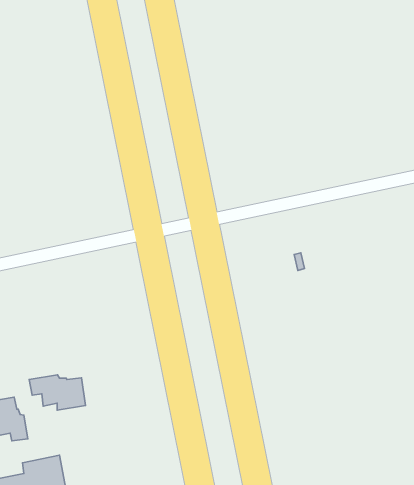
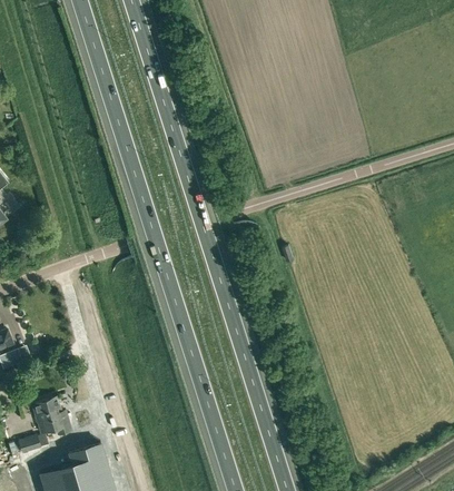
building: [29,375,86,410] -> none

